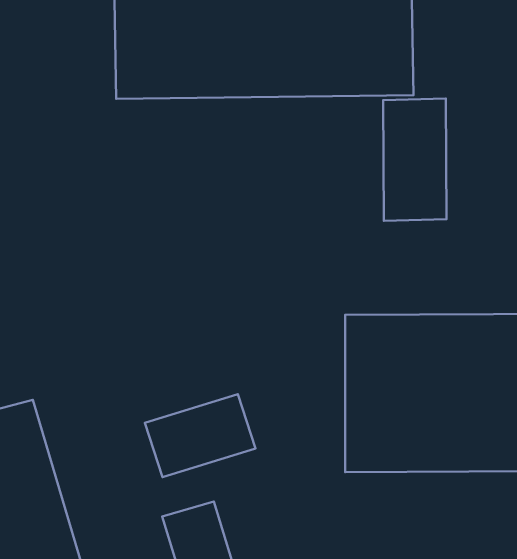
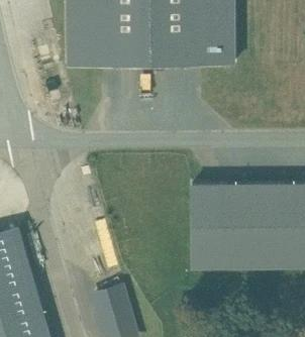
building: [383,99,446,221] -> none
building: [145,394,256,477] -> none

